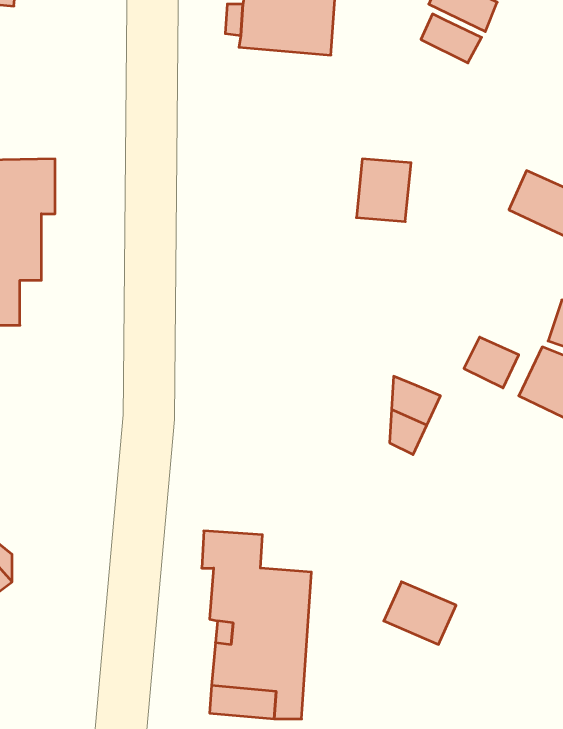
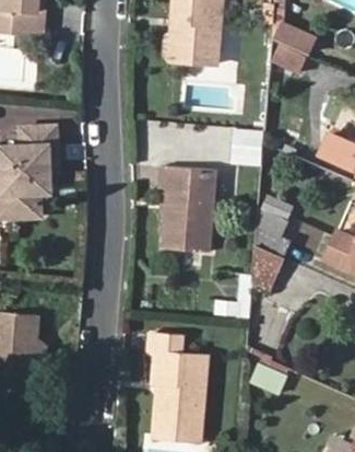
building: none -> [155,164,214,251]
building: none -> [255,211,289,257]

